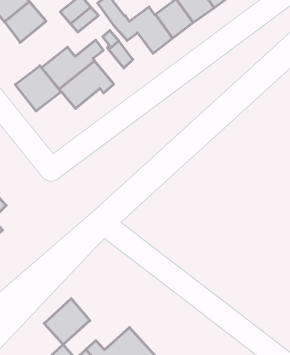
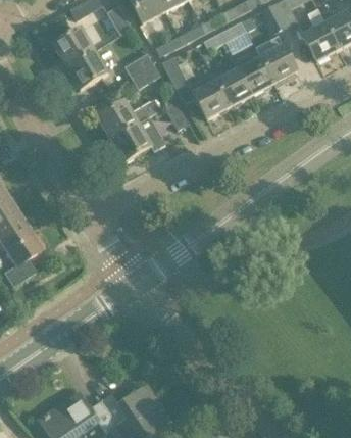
building: [15,66,61,111] -> none
building: [44,299,90,344] -> none

